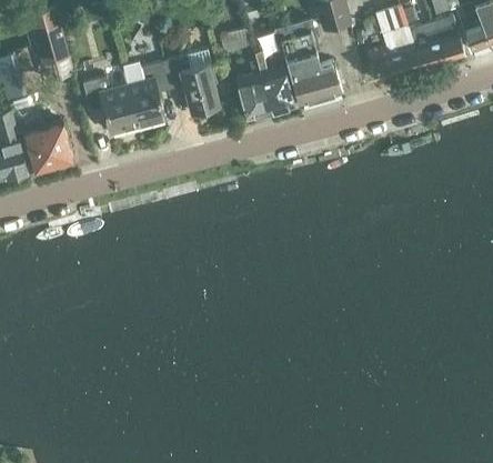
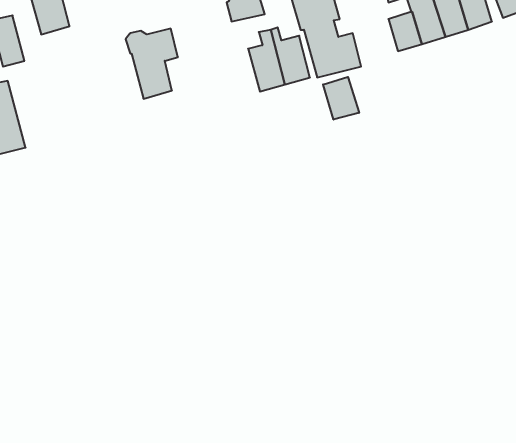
building: [162,51,218,112] -> none
building: [82,78,137,134] -> none
building: none -> [323,77,359,120]
building: [22,122,71,172] -> none

